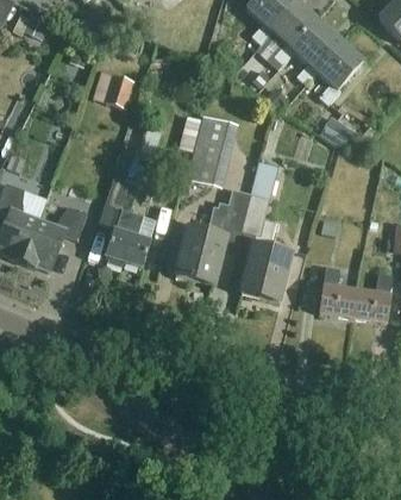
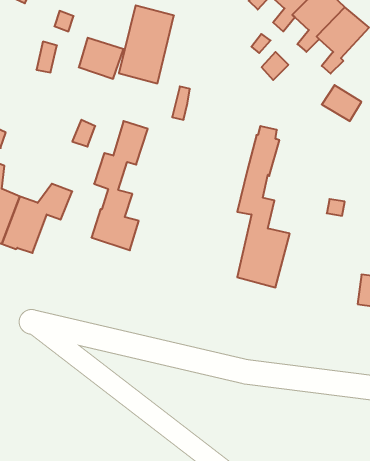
building: [187,114,238,187] -> [119,5,174,83]
building: [175,187,250,285] -> none
building: [319,265,356,317] -> none

